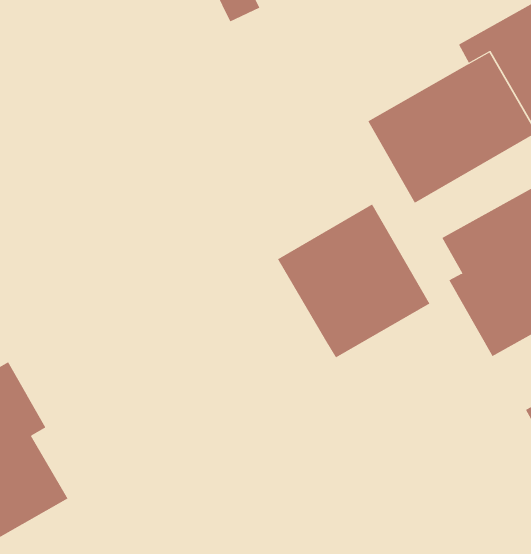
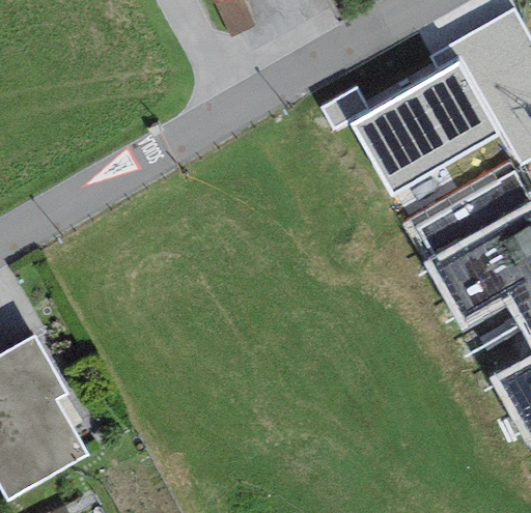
building: [277,204,430,358] -> none

